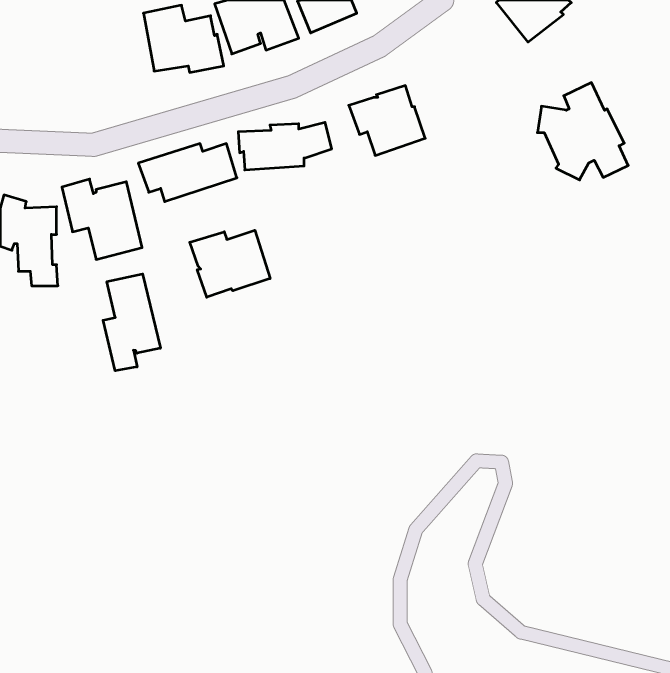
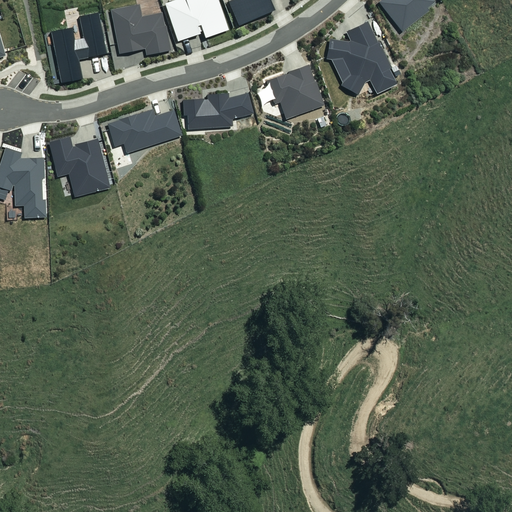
building: none -> [52,13,108,83]
building: [537,83,628,180] -> [327,21,396,95]
building: [190,230,270,297] -> none
building: [103,274,160,371] -> none

